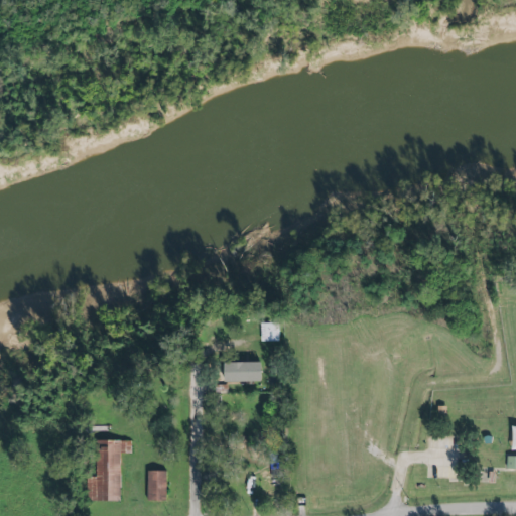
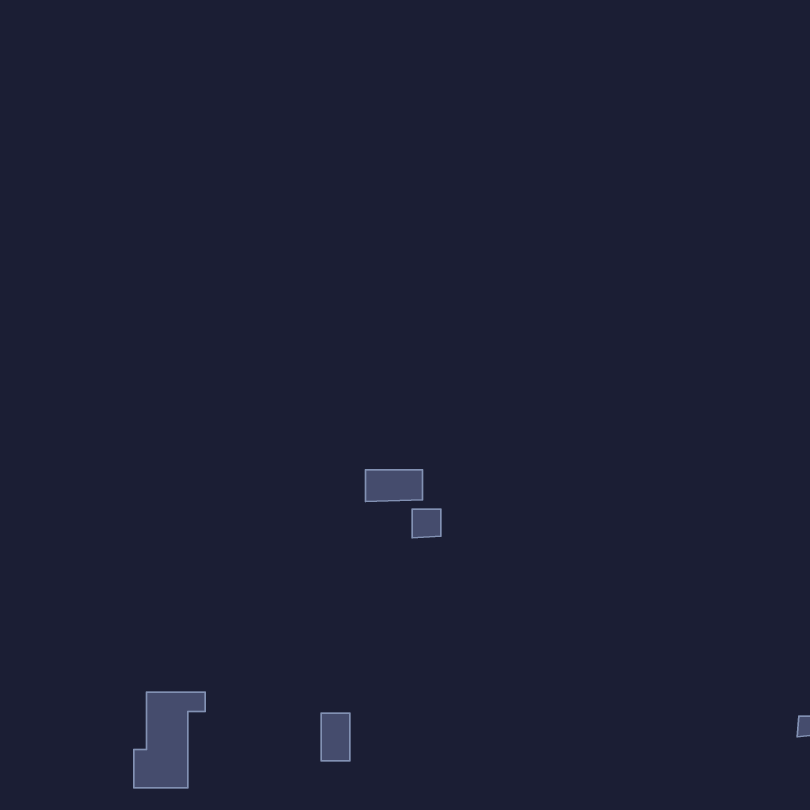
building: [227,363,263,383] -> [365,470,423,502]
building: [148,469,166,499] -> [321,713,350,761]

